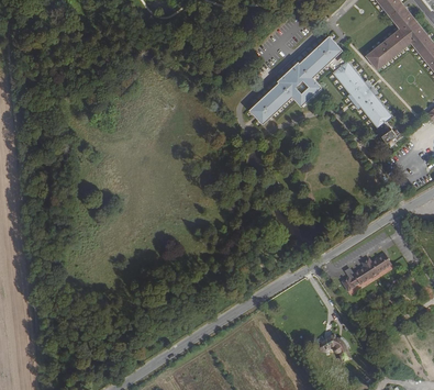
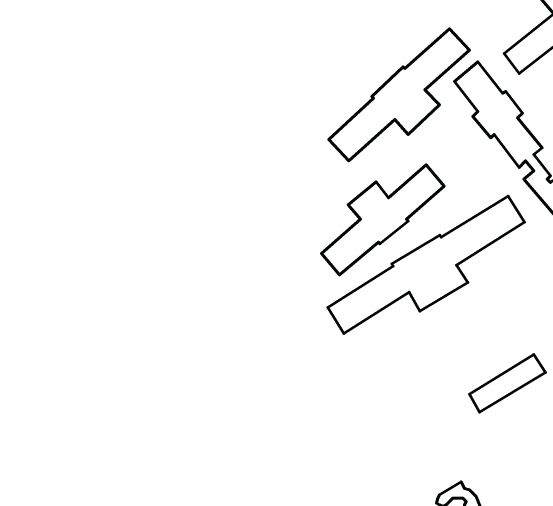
building: none -> [321,165,444,275]
building: none -> [328,196,524,333]

